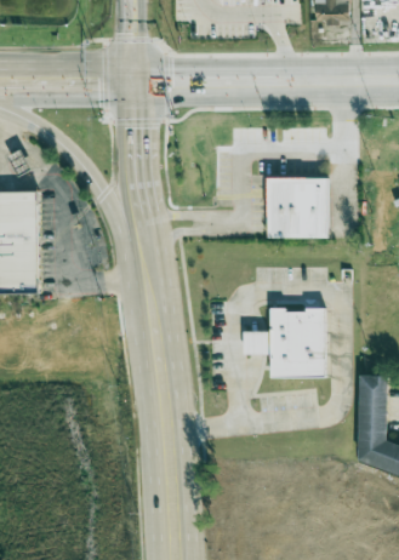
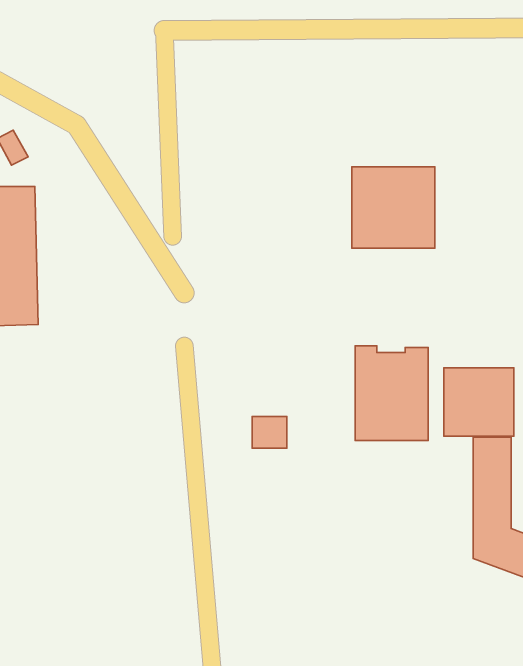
building: none -> [444,368,514,436]
building: [246,331,272,354] -> [252,417,287,448]

